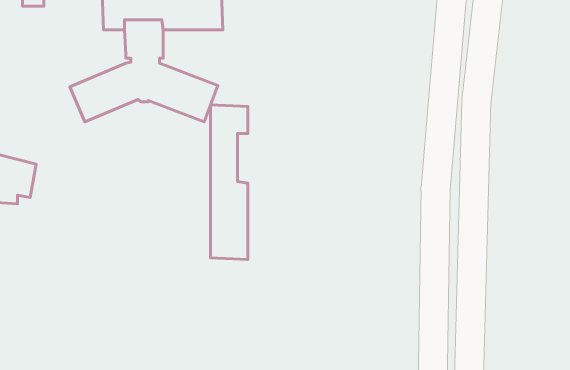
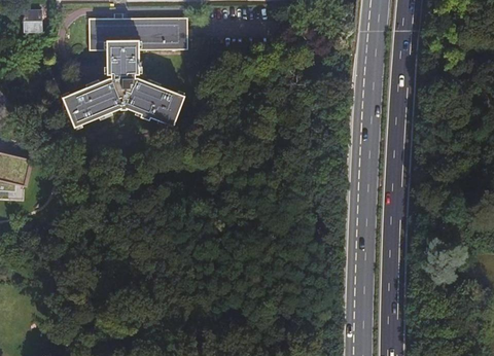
building: [211,105,248,259] -> none

